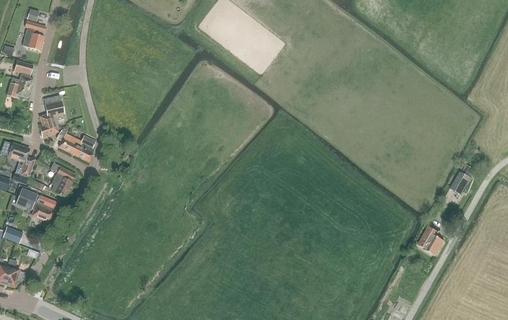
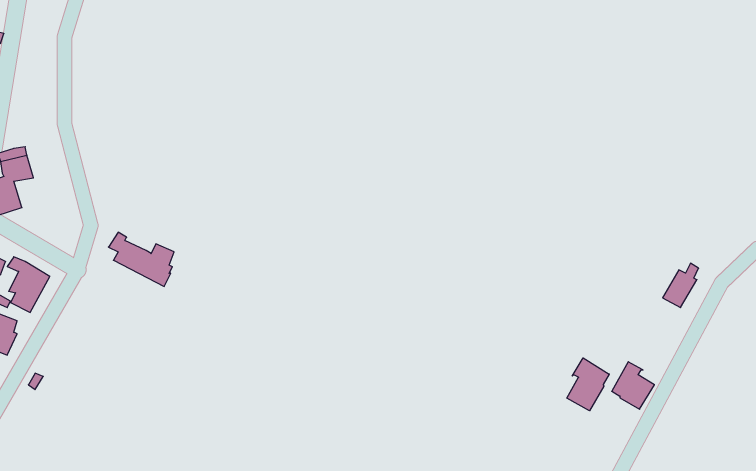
building: [55,128,95,161] -> [108,232,174,286]
building: none -> [567,358,609,411]

